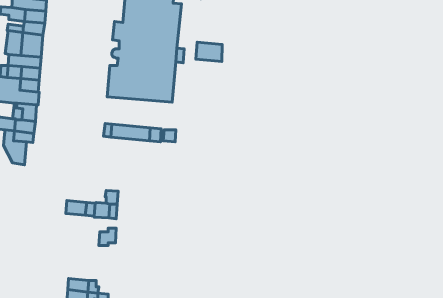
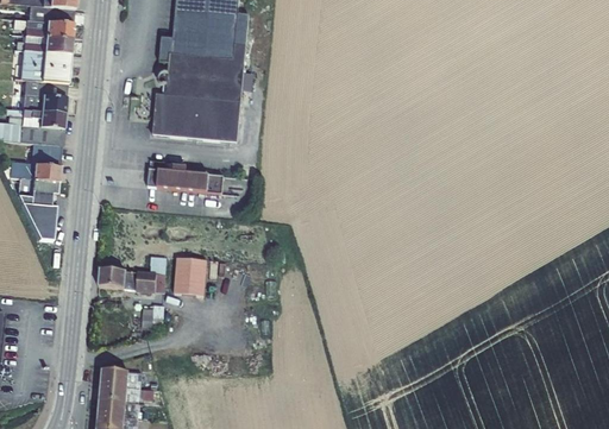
building: [196,42,222,62] -> none
building: none -> [174,257,207,295]

